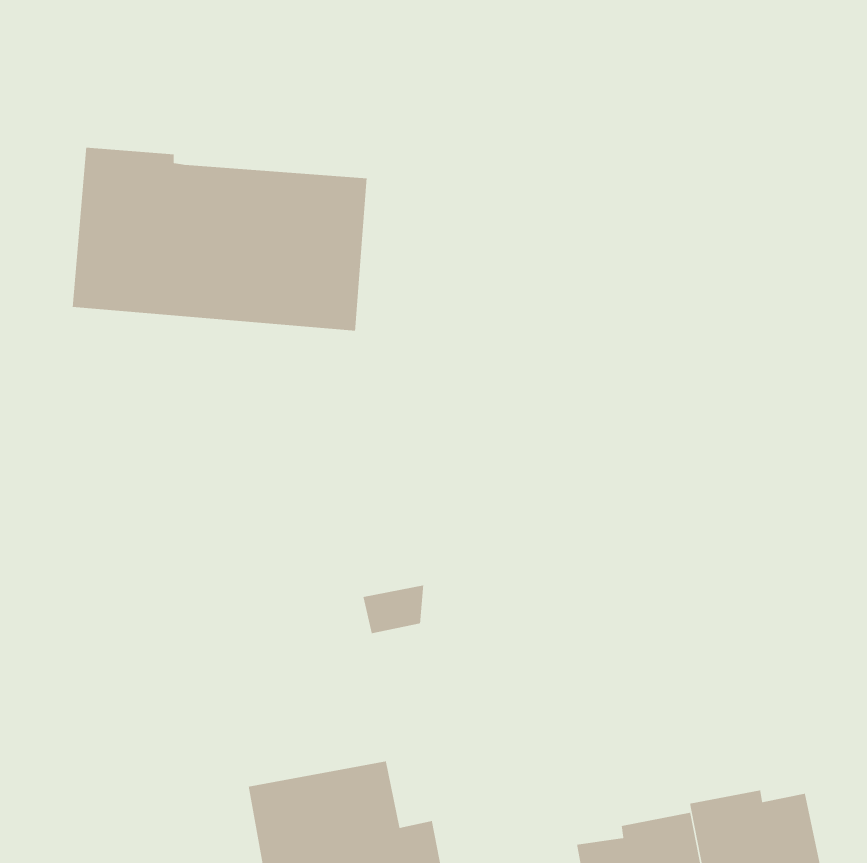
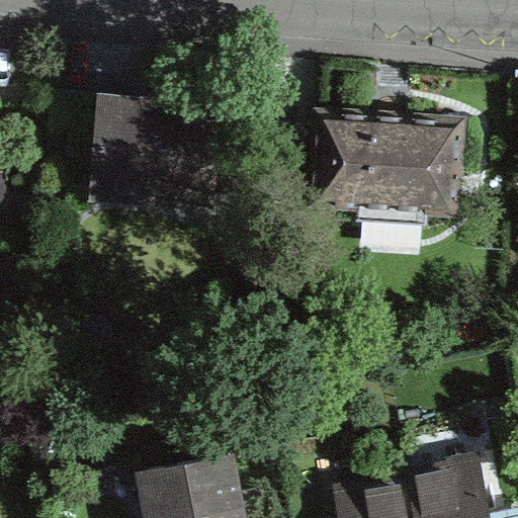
building: none -> [317,114,464,223]

